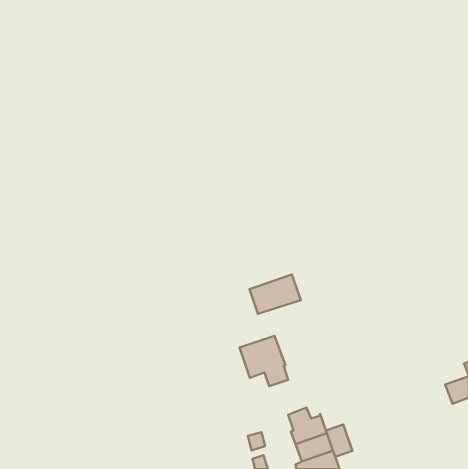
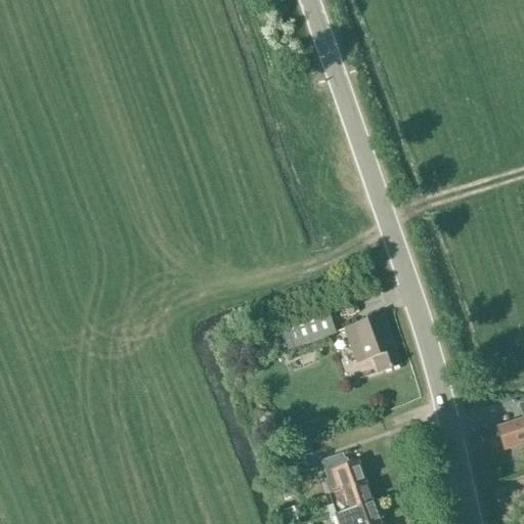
building: [240,336,288,386] -> [346,316,400,373]
building: [326,425,353,457] -> none

